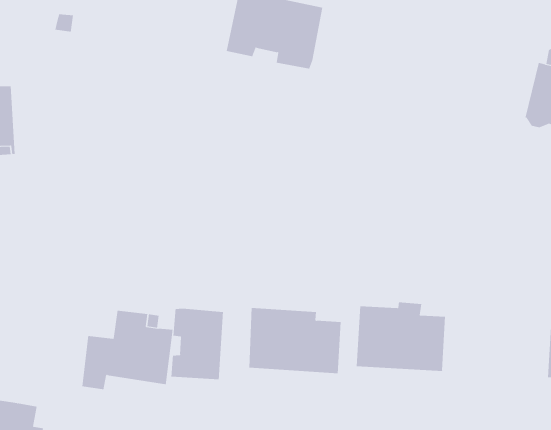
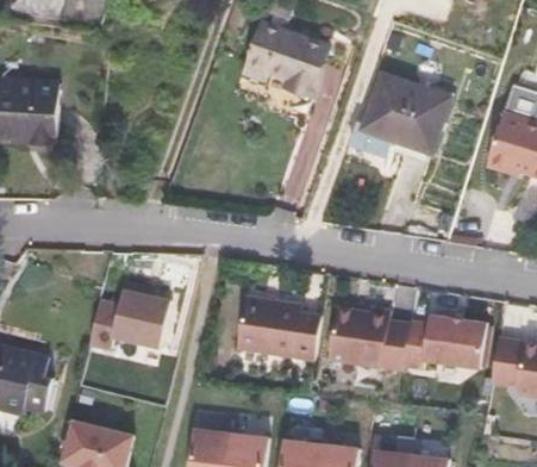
building: none -> [363,74,449,147]
building: none -> [400,313,482,367]
building: [171,308,224,380] -> none

